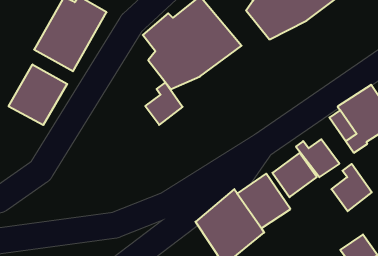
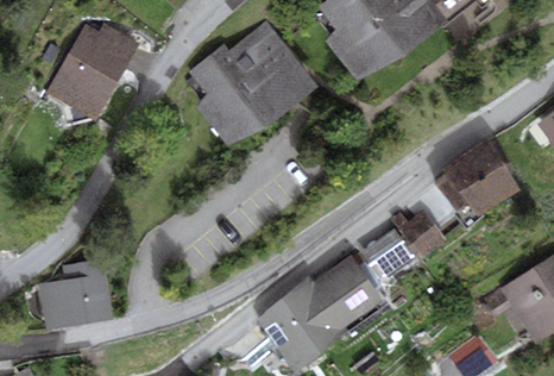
building: [9,64,67,125] -> none
building: [145,83,183,125] -> none
building: [331,164,372,211] -> none
building: none -> [36,258,113,330]

